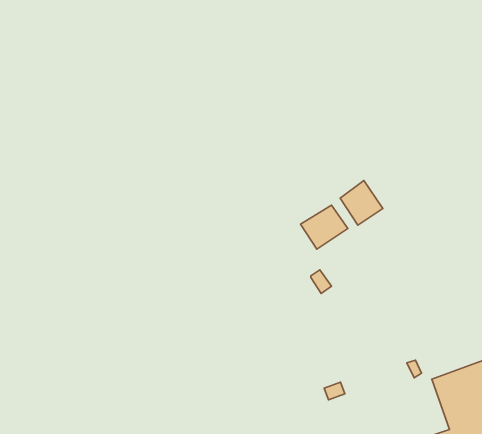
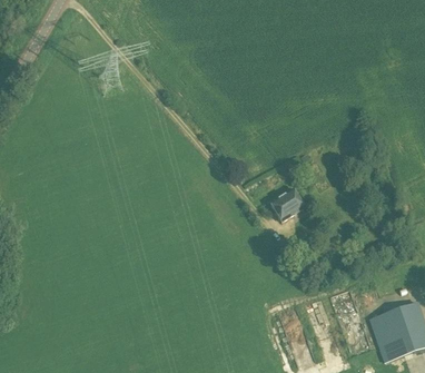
building: [340,180,383,225] -> none

